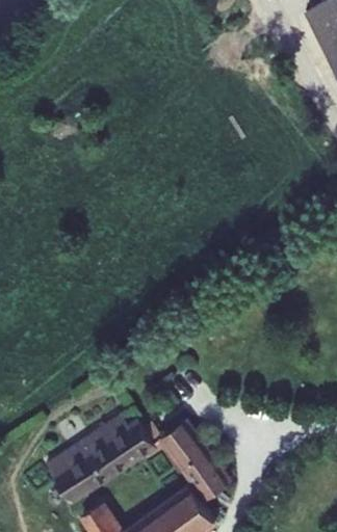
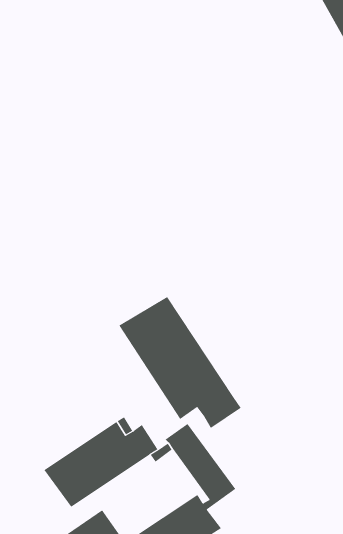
building: none -> [118,296,242,429]

